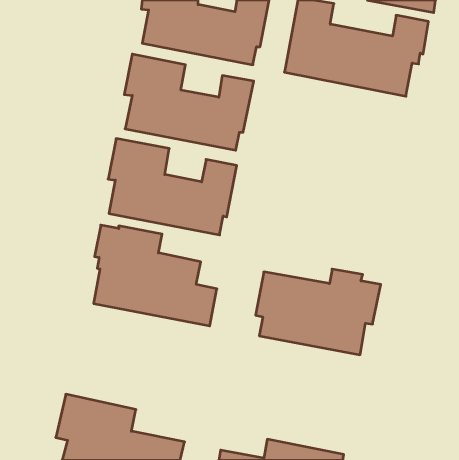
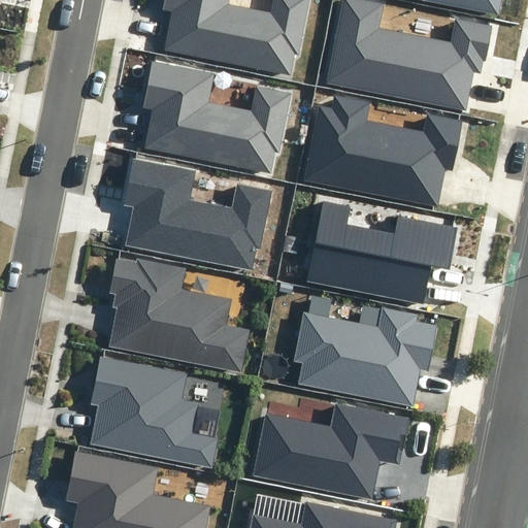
building: none -> [303,97,463,207]
building: none -> [307,201,457,302]
building: none -> [89,356,218,468]
building: none -> [252,402,408,499]

